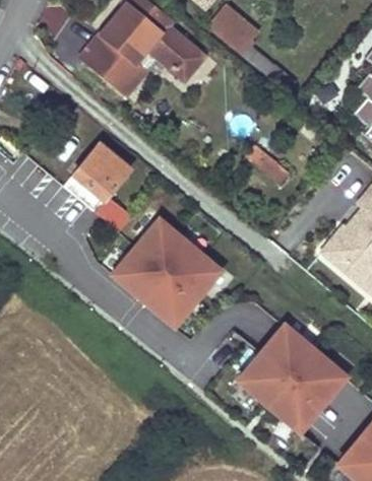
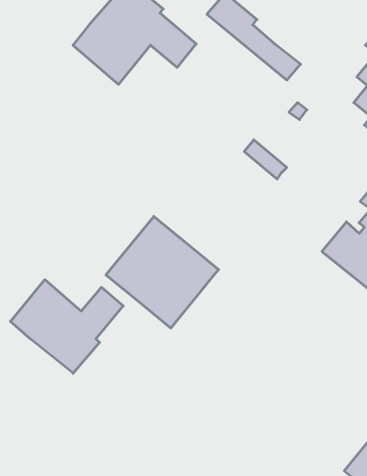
building: [63,149,130,233] -> none
building: none -> [10,280,123,373]
building: [240,325,348,431] -> none

